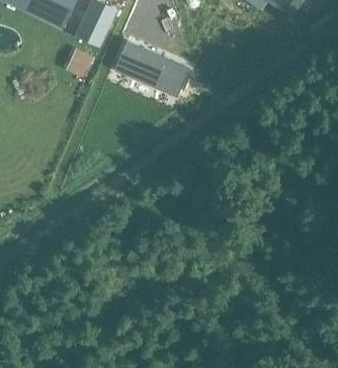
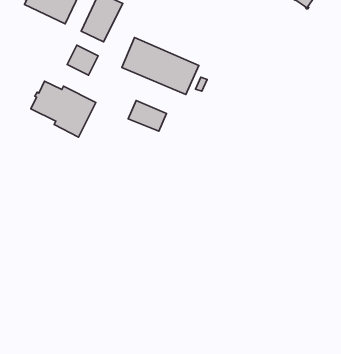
building: none -> [31,81,96,137]
building: none -> [128,101,166,131]

